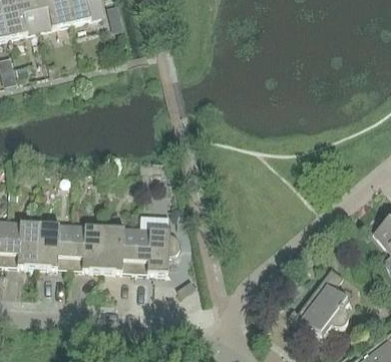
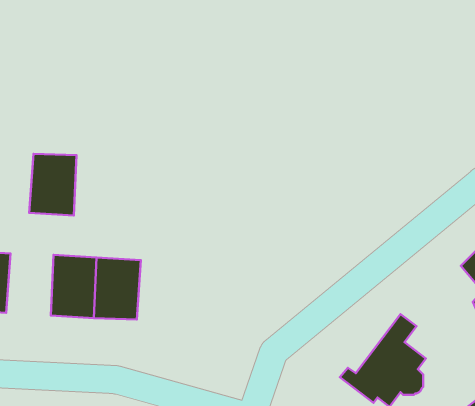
building: [36,223,71,269] -> [29,154,76,216]
building: [133,228,179,274] -> none

